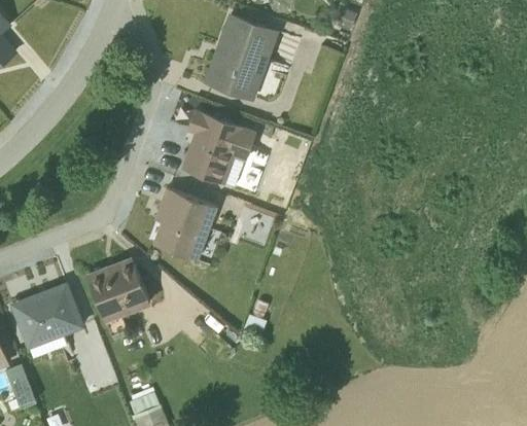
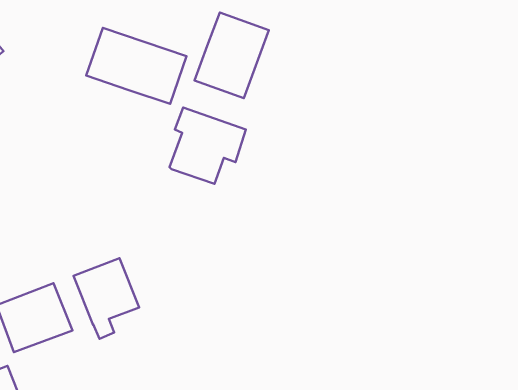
building: none -> [86,28,187,104]
building: [151,186,217,259] -> none

